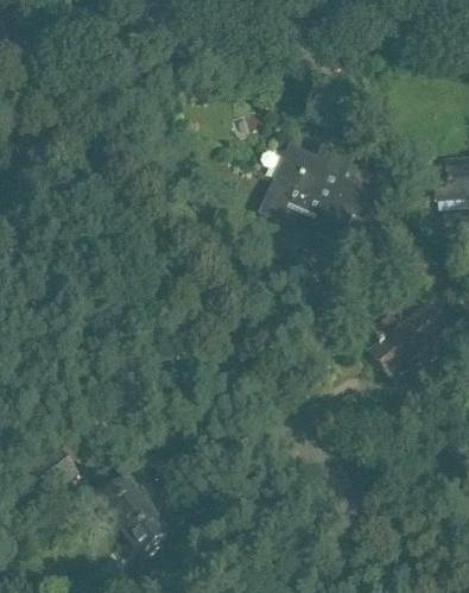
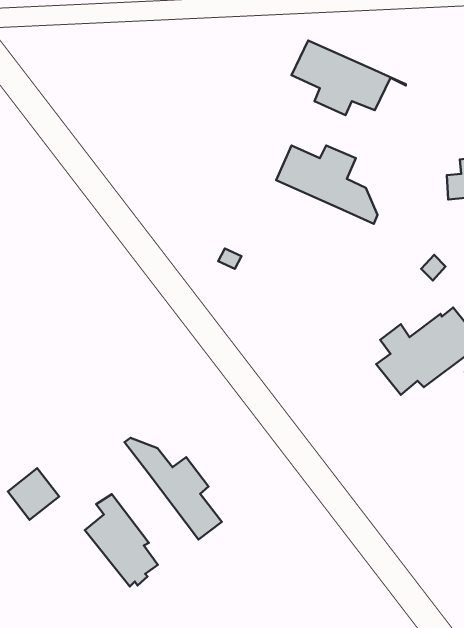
building: [260,177,366,246] -> [291,41,406,115]
building: none -> [125,438,222,539]

